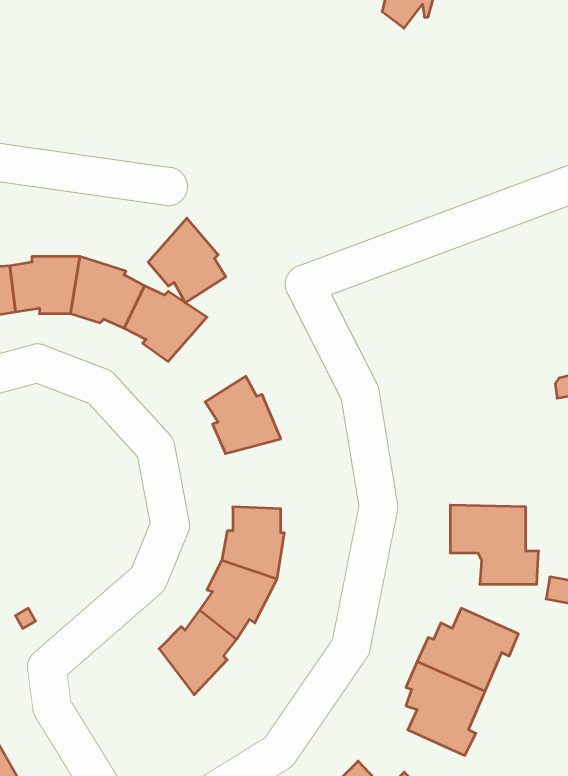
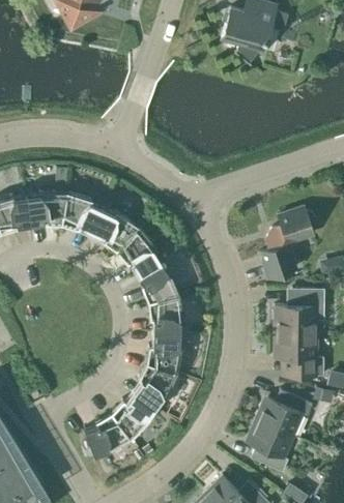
building: [148,218,226,303] -> [116,226,160,273]
building: none -> [260,207,317,277]
building: none -> [275,289,324,332]
building: none -> [148,294,182,333]
building: none -> [84,412,131,453]

